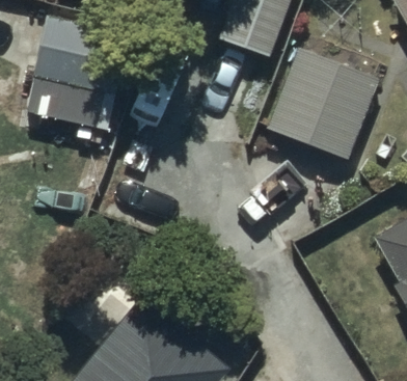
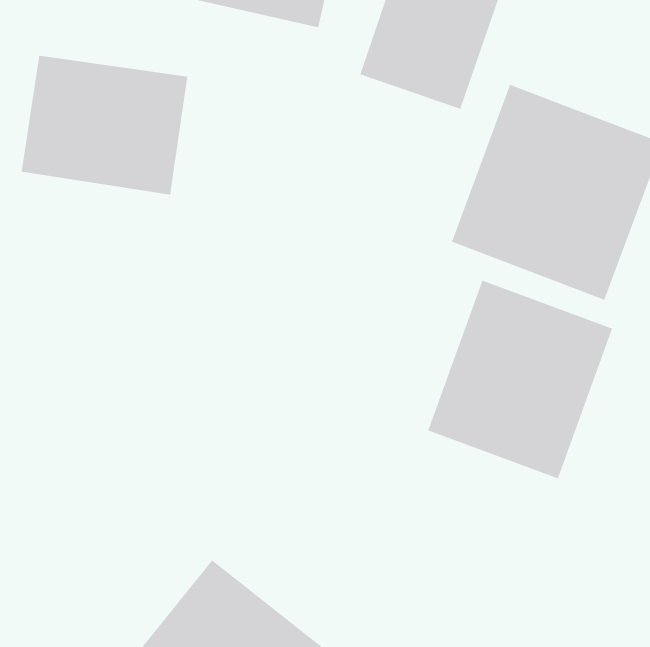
building: none -> [428,280,613,479]

